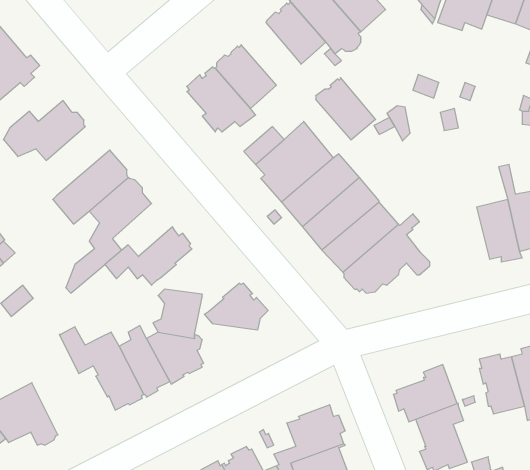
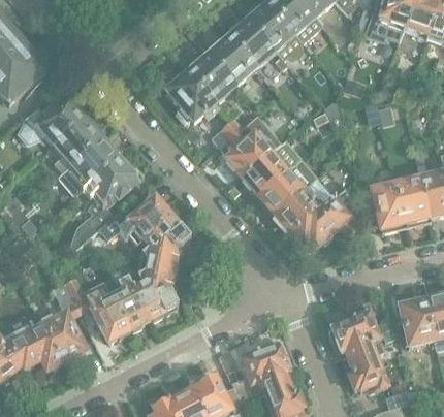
building: [316,78,376,140] -> [208,34,255,84]
building: none -> [53,117,103,171]
building: none -> [358,181,405,232]
building: [204,283,268,330] -> [140,214,191,251]
building: none -> [41,282,85,361]

